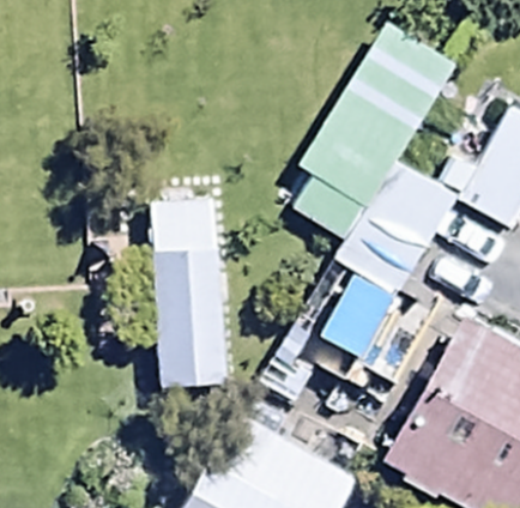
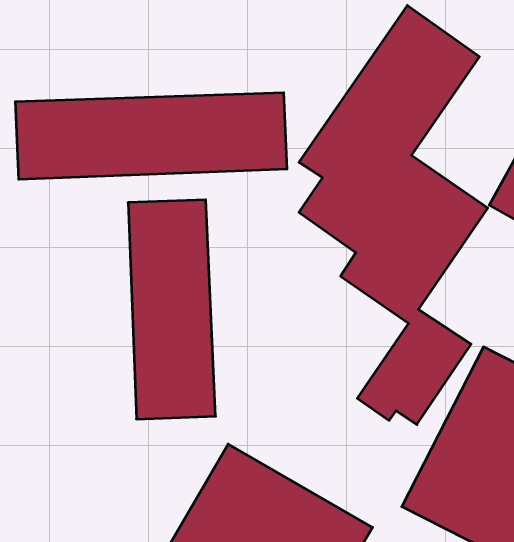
building: none -> [15,93,287,179]

